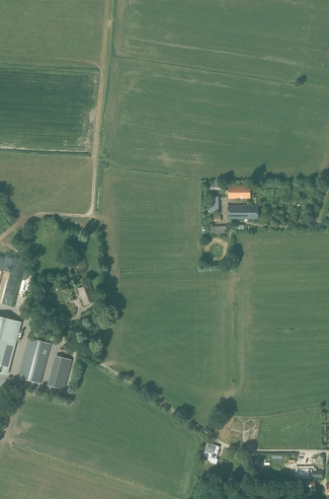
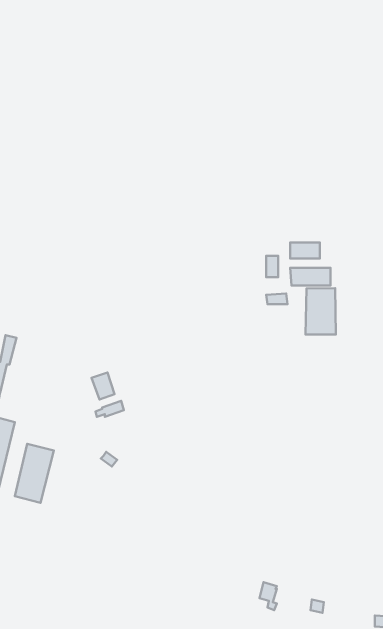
building: none -> [305,288,336,334]
building: [49,355,71,388] -> none

